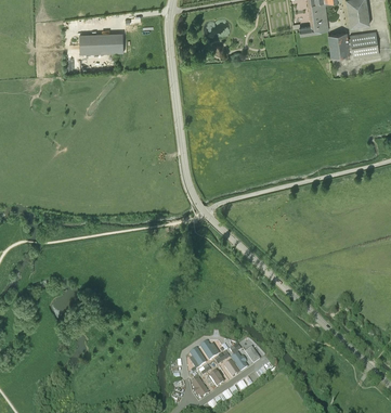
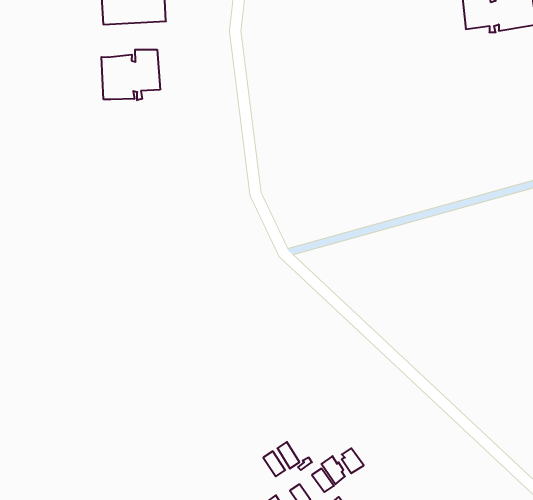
building: none -> [101,50,160,100]

